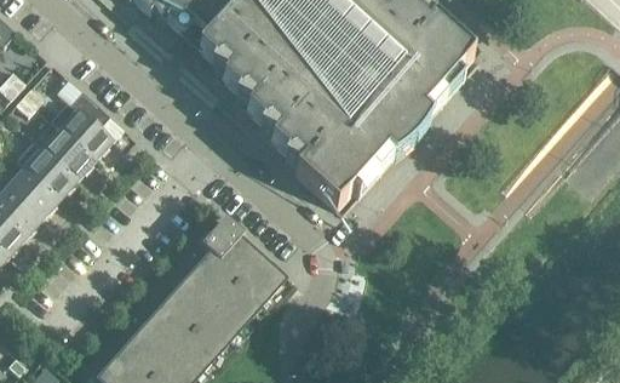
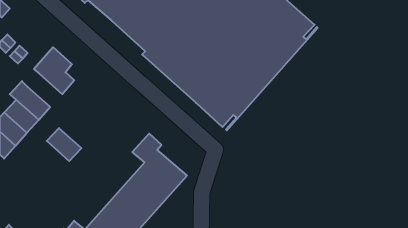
building: [47,121,99,171] -> [47,128,81,161]

